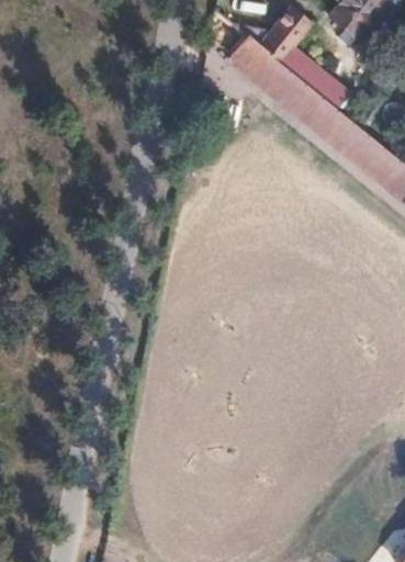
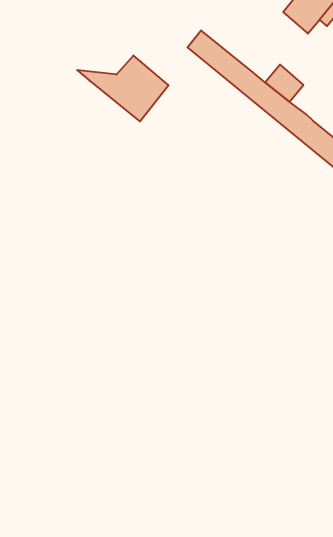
building: [227,11,322,79] -> [77,55,169,121]

